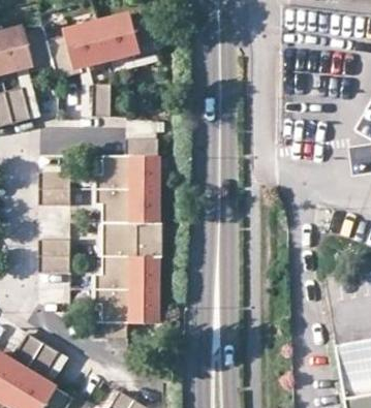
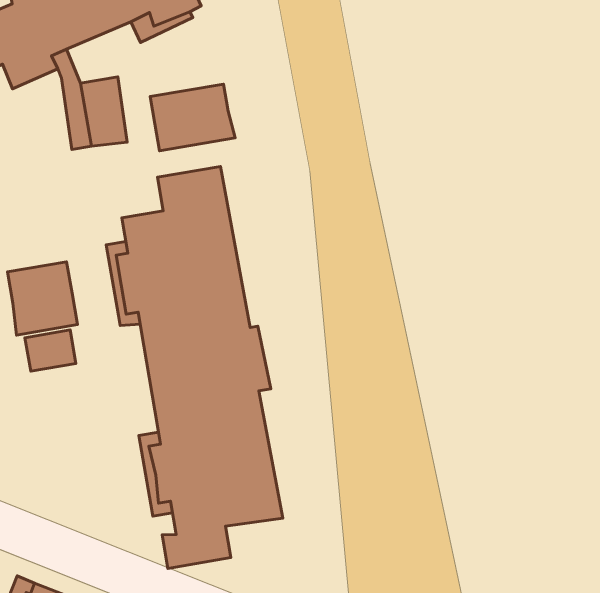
building: none -> [150,84,235,151]
building: [41,240,72,273] -> none

